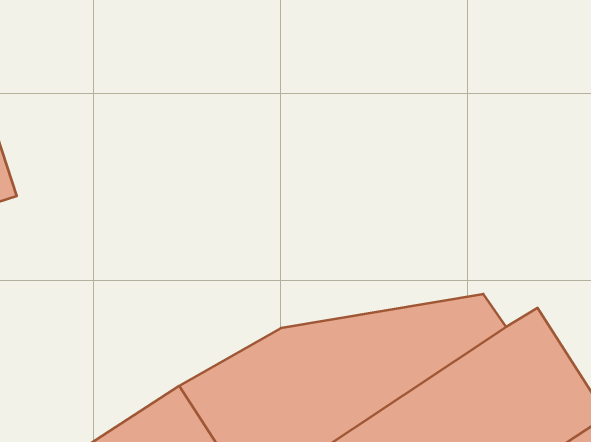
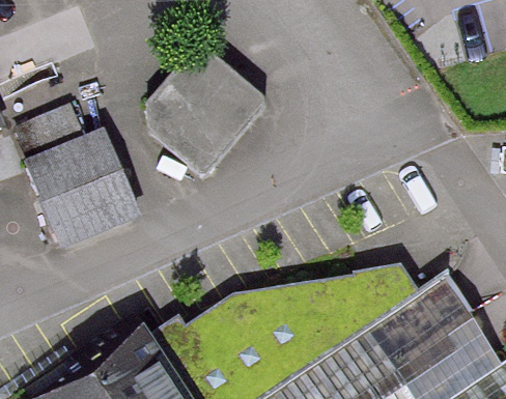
building: none -> [152,49,276,176]
building: none -> [7,95,140,254]

